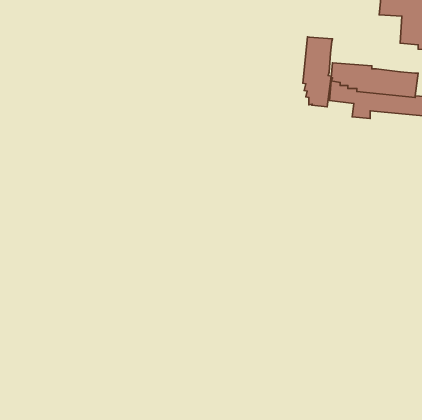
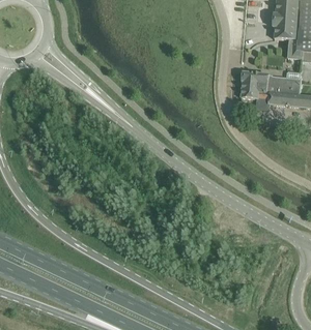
building: [303,37,332,107] -> none

